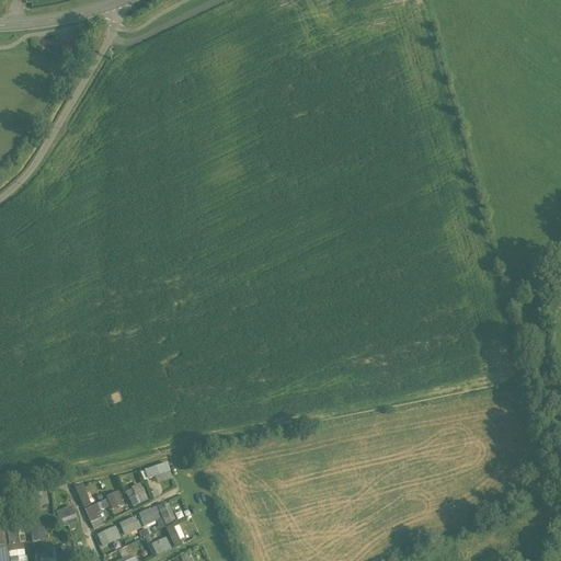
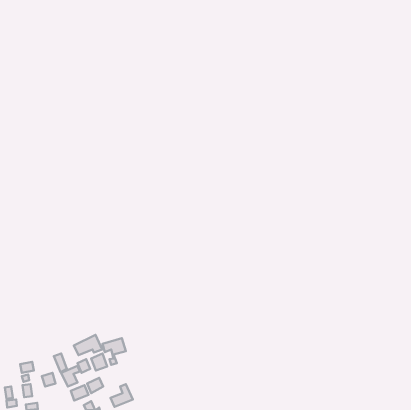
building: [138,499,176,526] -> [74,335,102,355]

